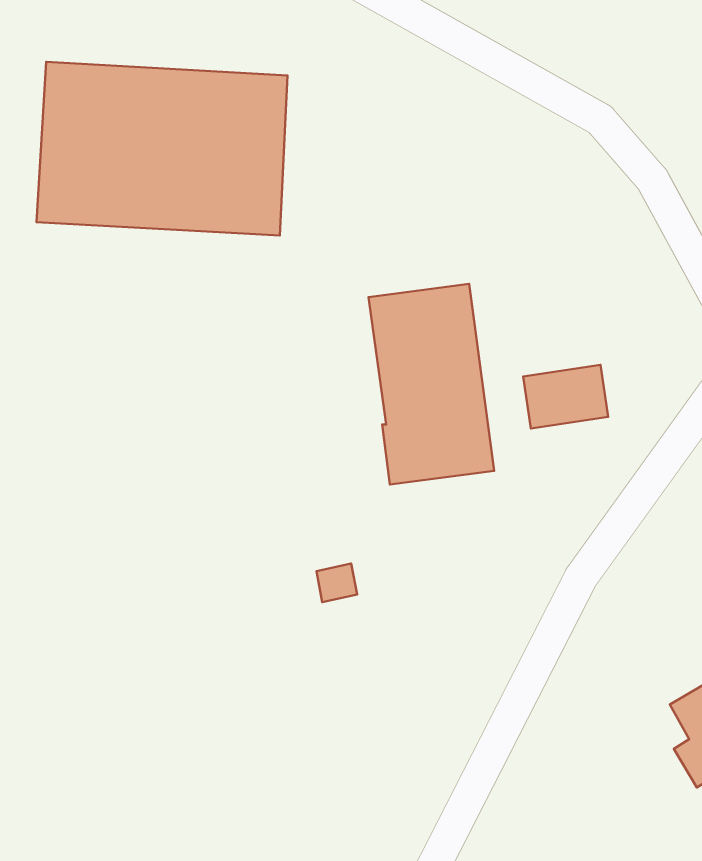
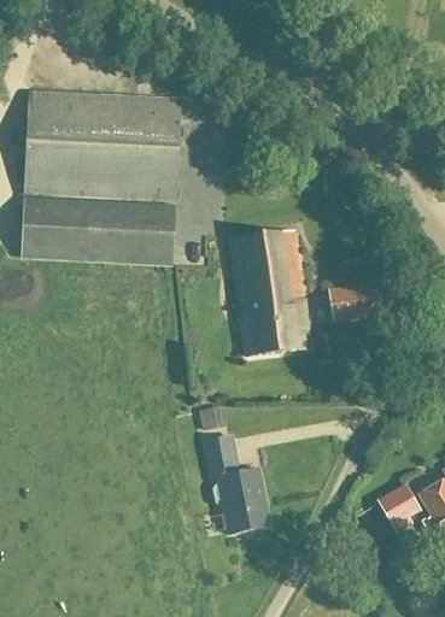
building: none -> [21,195,176,264]
building: none -> [205,434,270,533]
building: none -> [379,483,420,524]

